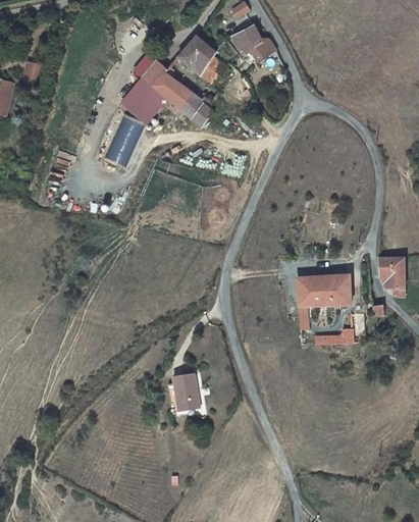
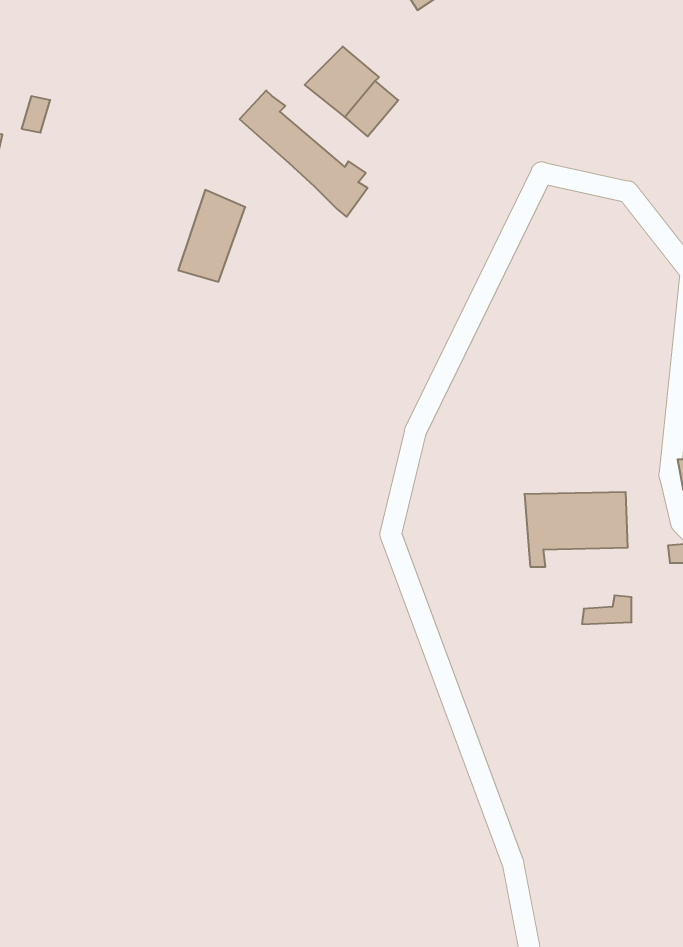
building: [230,24,275,60] -> none
building: [120,75,168,124] -> none
building: [173,366,199,403] -> none

